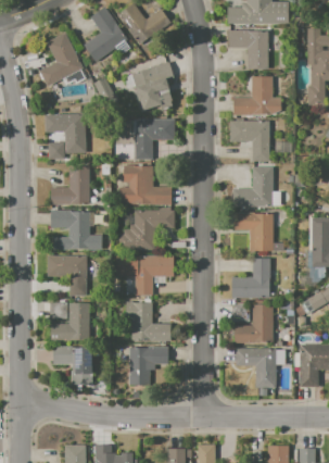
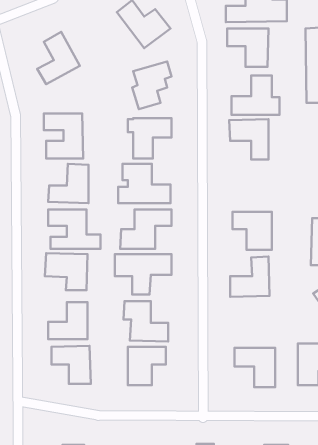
building: [85,5,127,60] -> none
building: [232,165,273,208] -> none
building: [232,304,275,342] -> none

